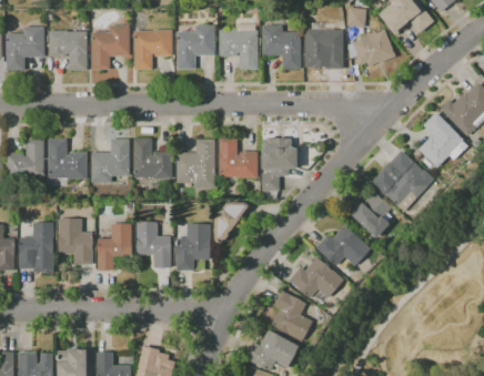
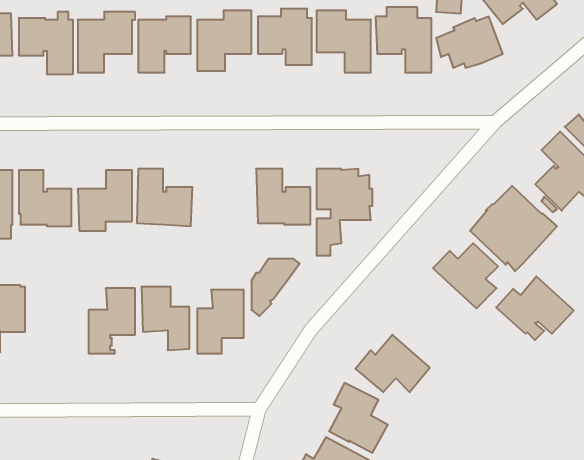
building: [177,140,215,189] -> none
building: [58,220,93,265] -> none
building: [315,225,371,271] -> [496,276,574,340]

